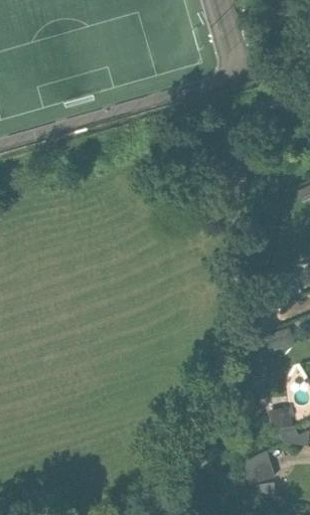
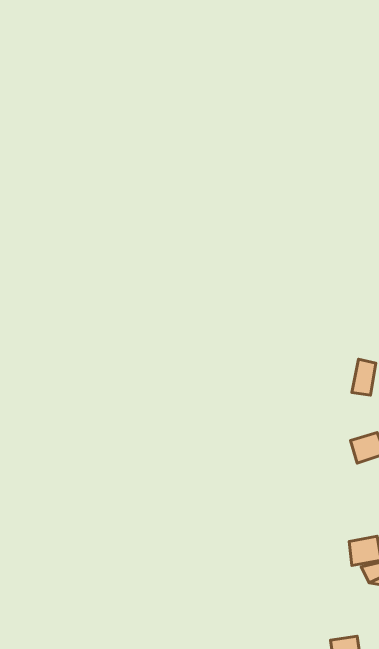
building: [242,450,274,484] -> none

